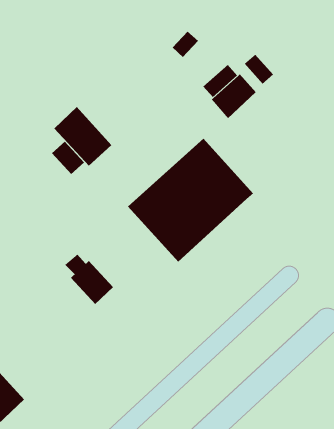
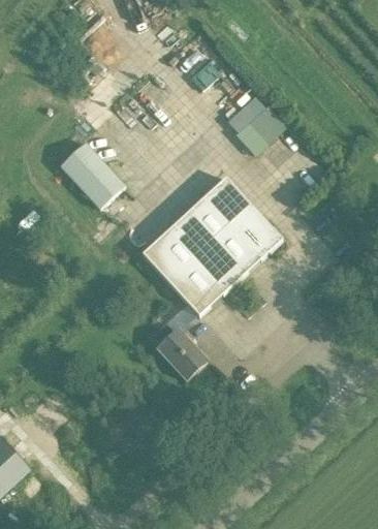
building: [244,54,274,84] -> none
building: [51,141,85,175] -> none
building: [65,254,114,305] -> [153,322,208,379]

